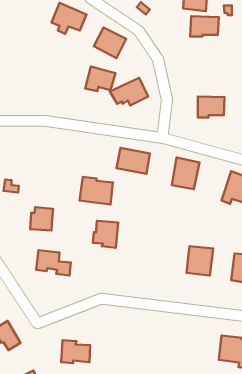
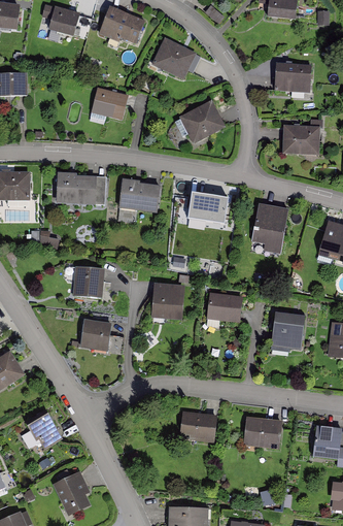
building: none -> [49,7,79,34]
building: [190,16,219,37] -> [275,63,311,89]
building: [85,67,115,91] -> [91,88,129,119]
building: none -> [57,173,97,200]
building: [80,177,113,204] -> [117,180,160,216]
building: none -> [207,294,242,327]
building: none -> [244,417,281,446]
building: [61,340,90,363] -> [178,410,215,439]

